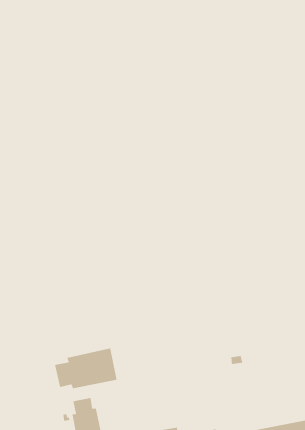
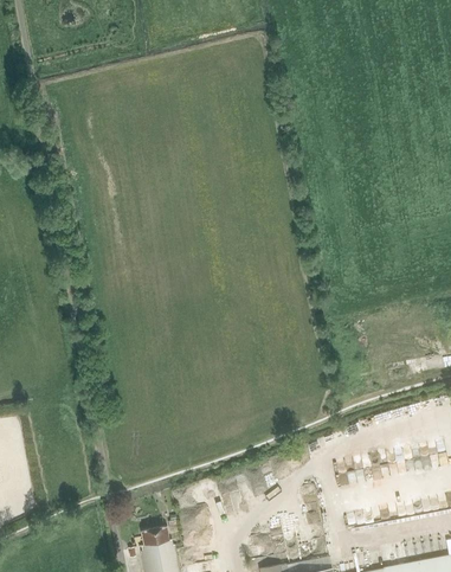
building: [54,348,118,389] -> none

